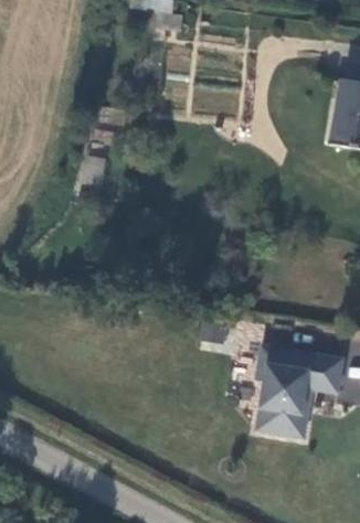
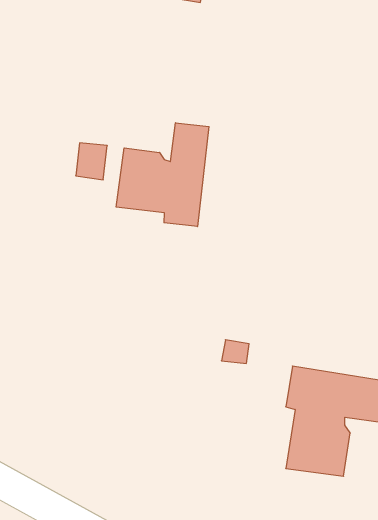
building: none -> [116,123,209,227]

